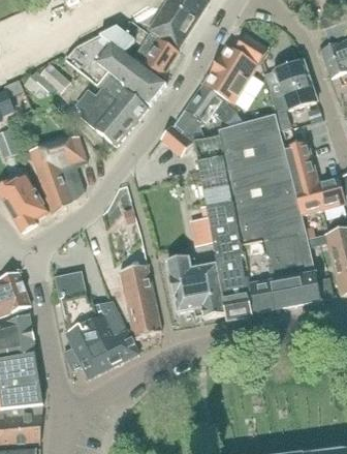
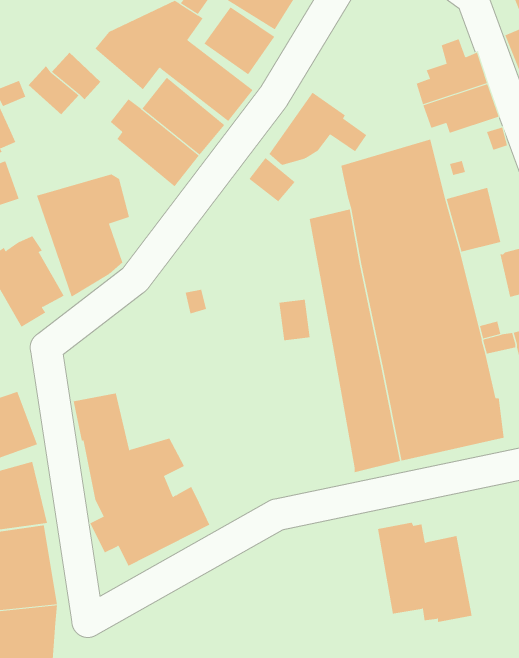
building: [202,36,266,103] -> none
building: [292,178,322,217] -> none
building: [165,255,224,317] -> [377,522,472,622]
building: [118,264,160,339] -> none

